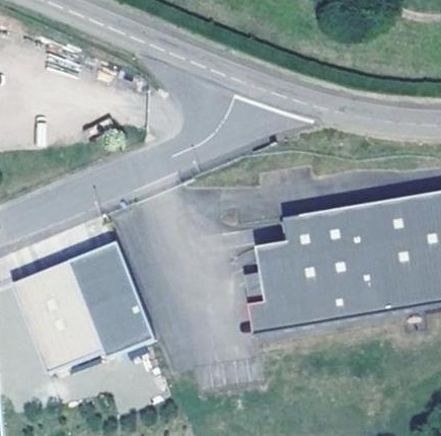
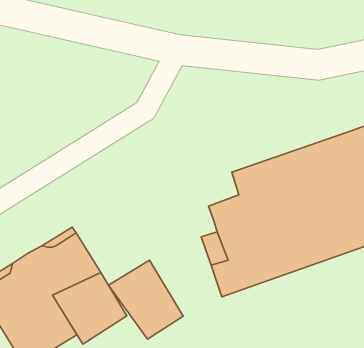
building: none -> [108,260,183,339]

